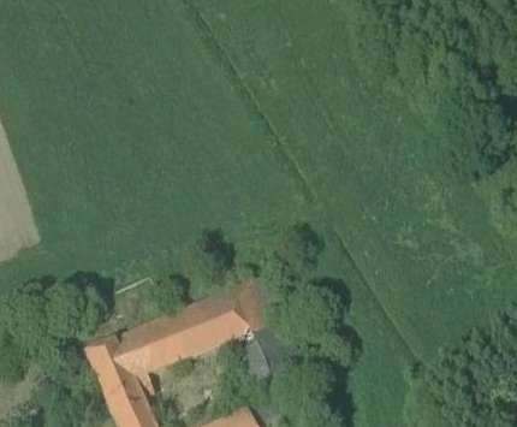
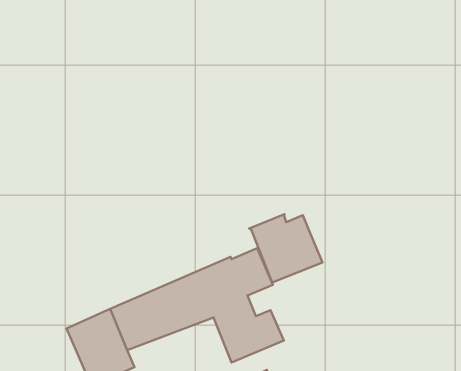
building: none -> [249,214,323,283]

